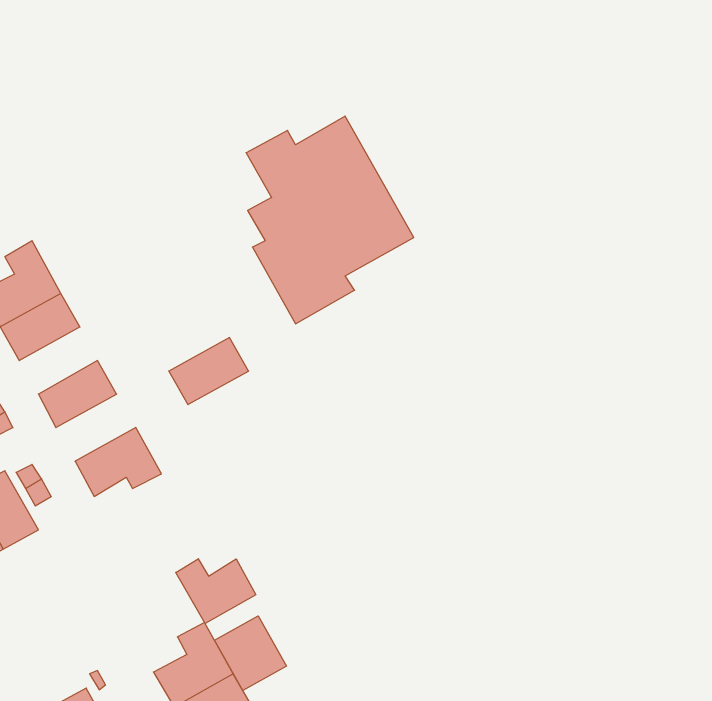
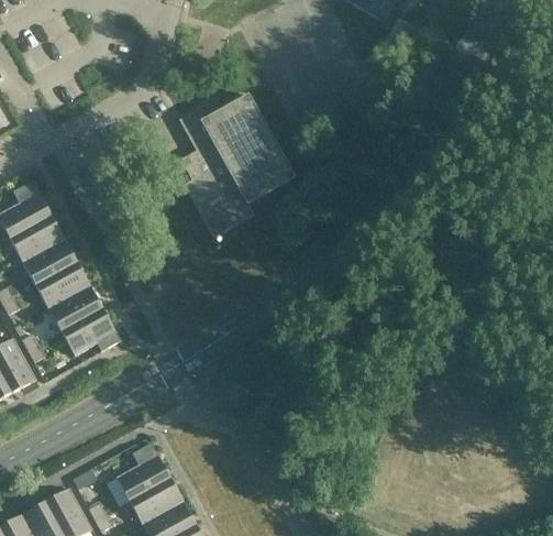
building: none -> [23,239,77,285]
building: [169,338,249,405] -> [48,285,103,331]
building: [176,559,256,624] -> none
building: [214,616,286,690] -> none

